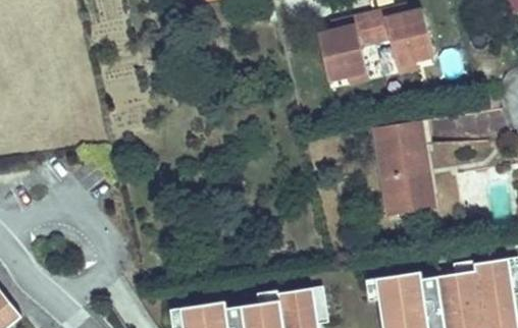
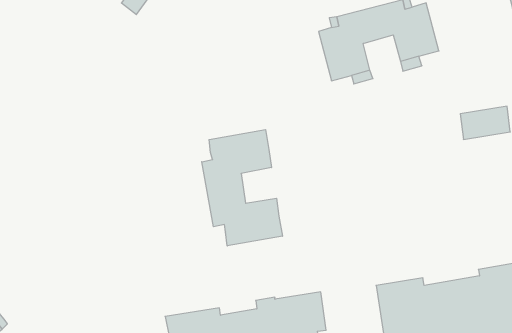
building: [375,121,433,213] -> none
building: none -> [202,130,282,246]

